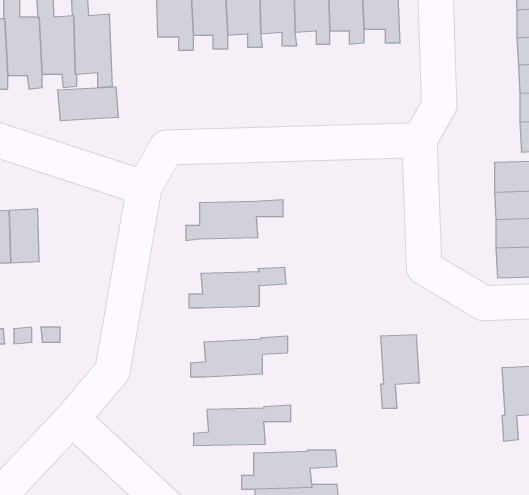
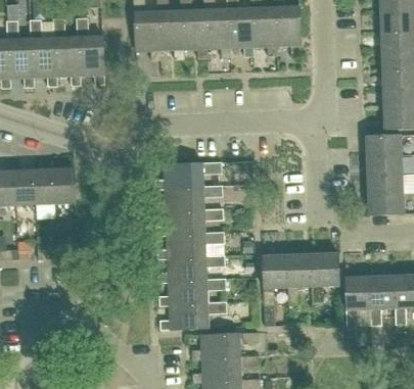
building: [58,87,118,121] -> none
building: none -> [54,167,76,203]
building: none -> [156,184,223,211]
building: none -> [157,231,225,258]
building: none -> [313,252,339,302]
building: none -> [264,254,290,304]
building: none -> [346,276,373,343]
building: none -> [159,278,226,305]

